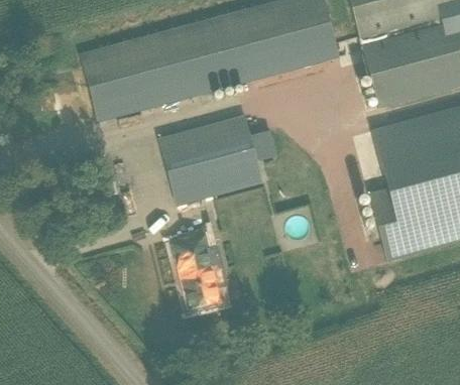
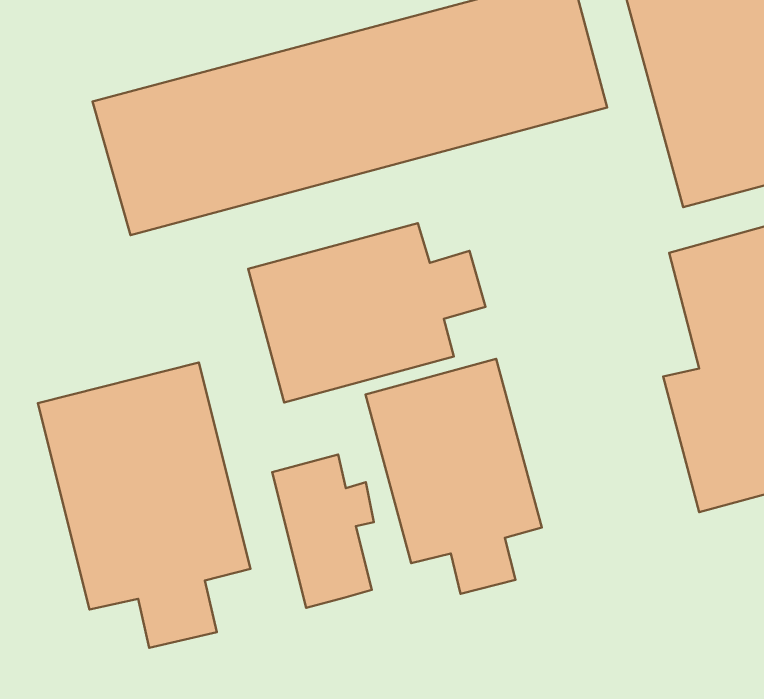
building: none -> [365,359,542,594]
building: none -> [38,363,250,648]

